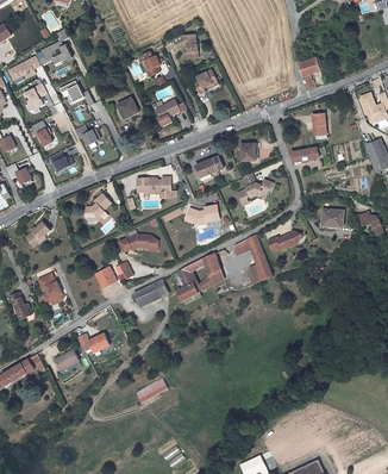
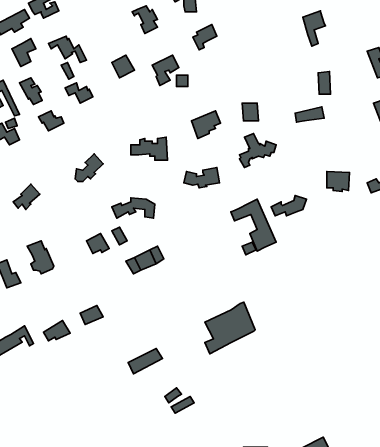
building: [177,252,225,301] -> [205,302,255,354]

